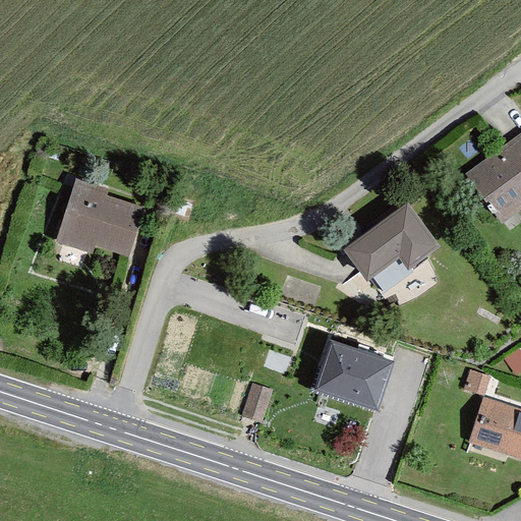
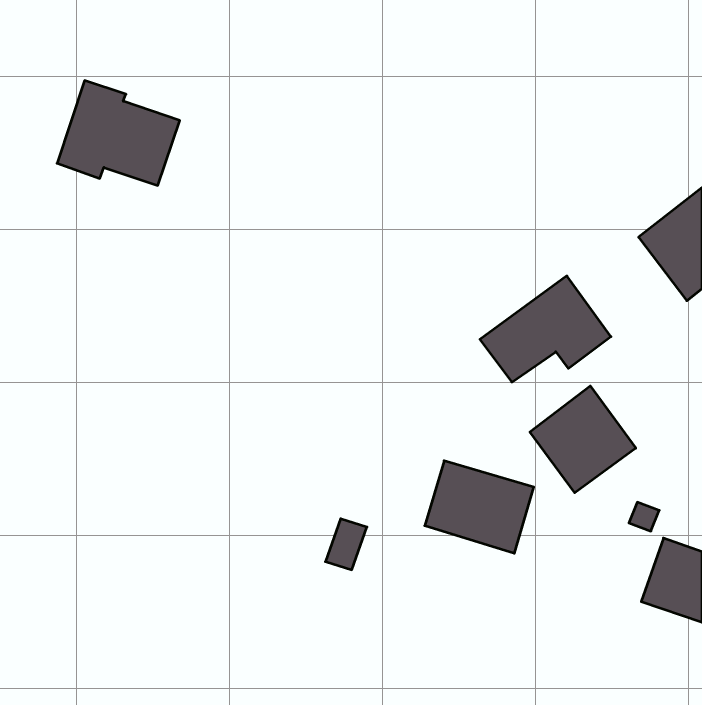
building: [53,178,143,255] -> [57,81,180,185]
building: none -> [530,386,636,493]

